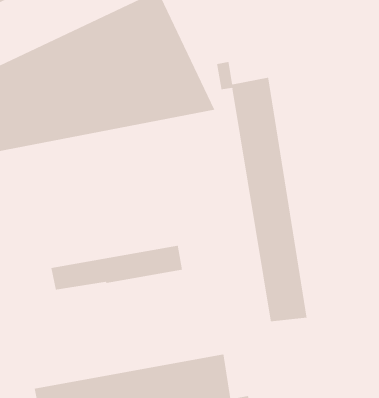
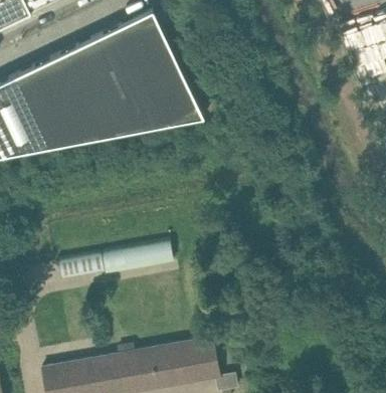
building: [216,61,307,322] -> none

